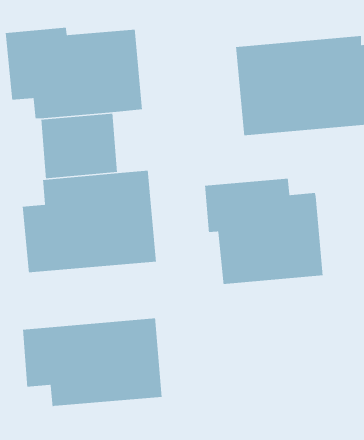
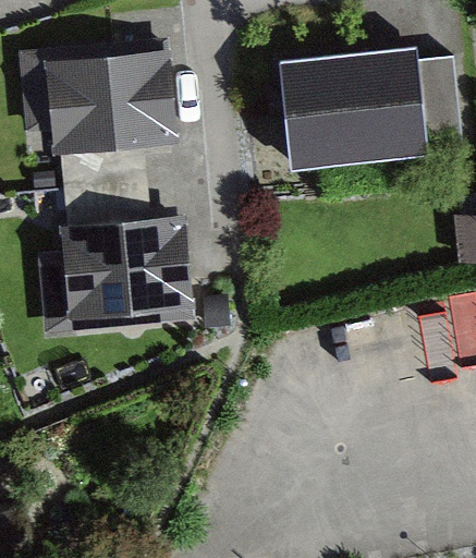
building: [204,178,324,285] -> none
building: [22,317,163,407] -> none

